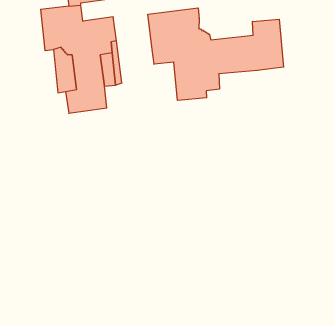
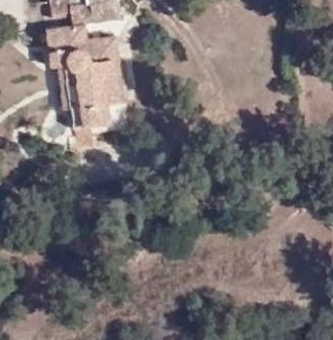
building: [148,8,284,100] -> none

